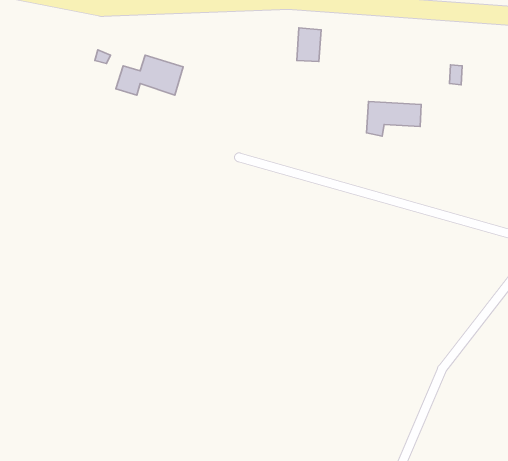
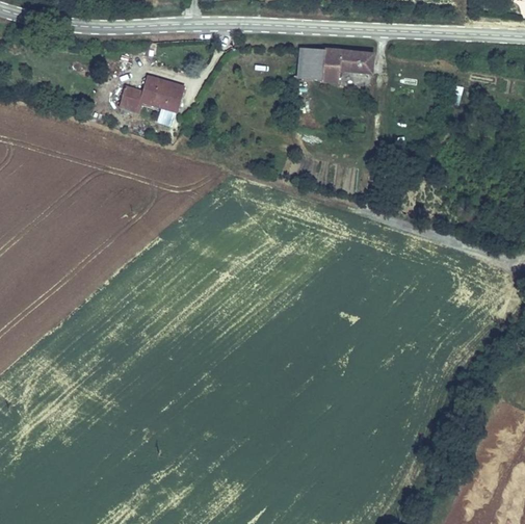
building: [366,101,421,136] -> [319,49,373,83]

